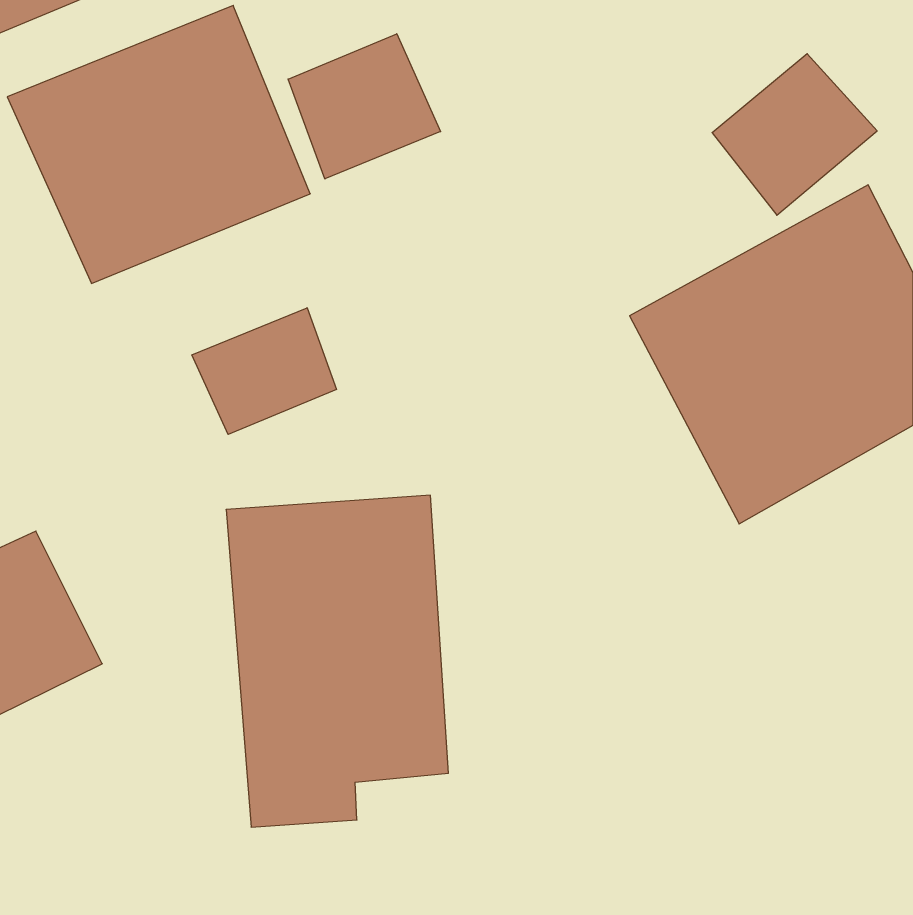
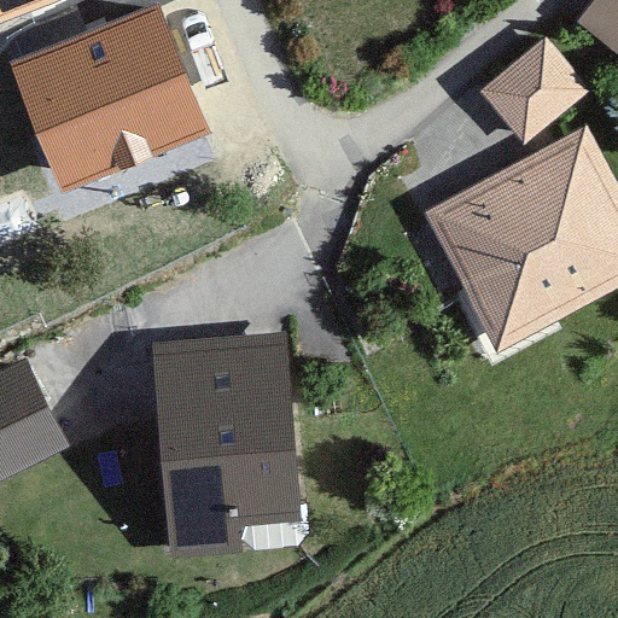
building: [288,34,441,179] -> none
building: [192,308,336,434] -> none

